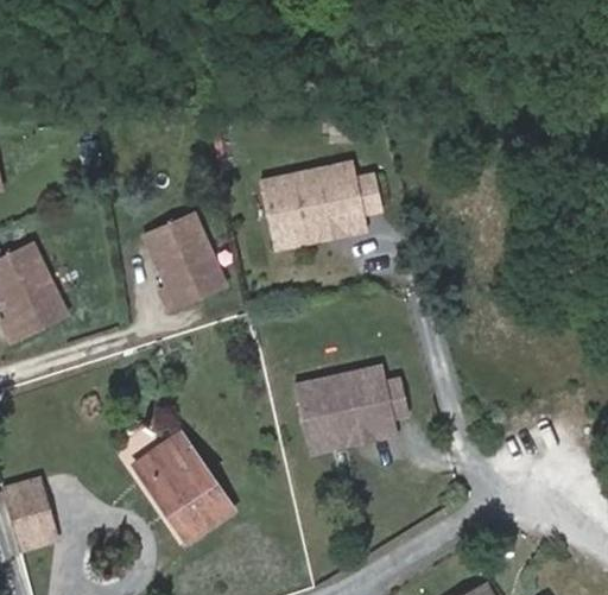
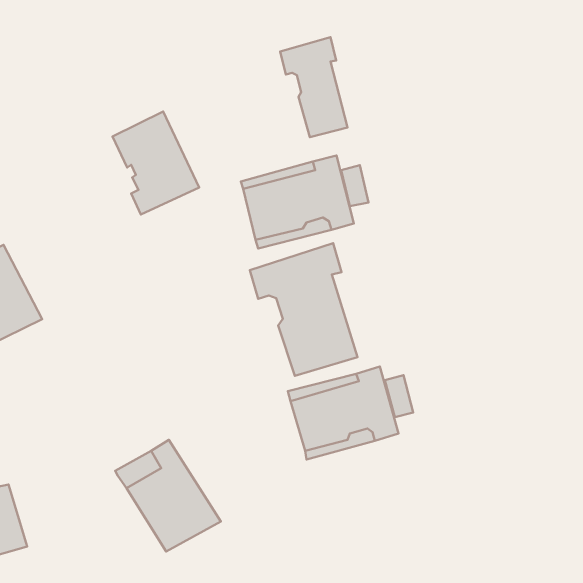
building: none -> [280,37,348,137]
building: [139,213,222,311] -> [112,112,199,215]
building: none -> [250,243,358,376]

